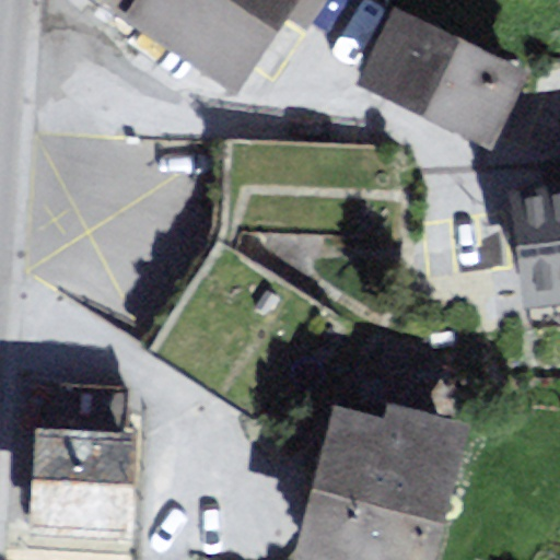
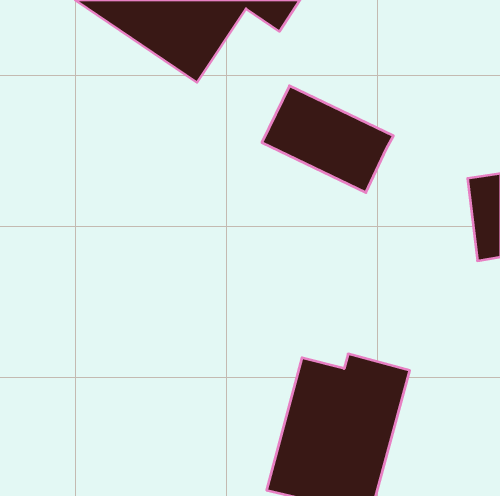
building: [372,22,518,141] -> [262,86,393,193]
building: [36,425,130,525] -> none

